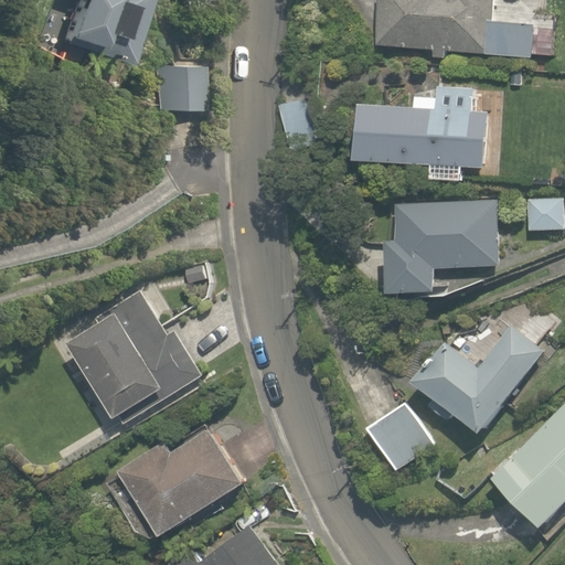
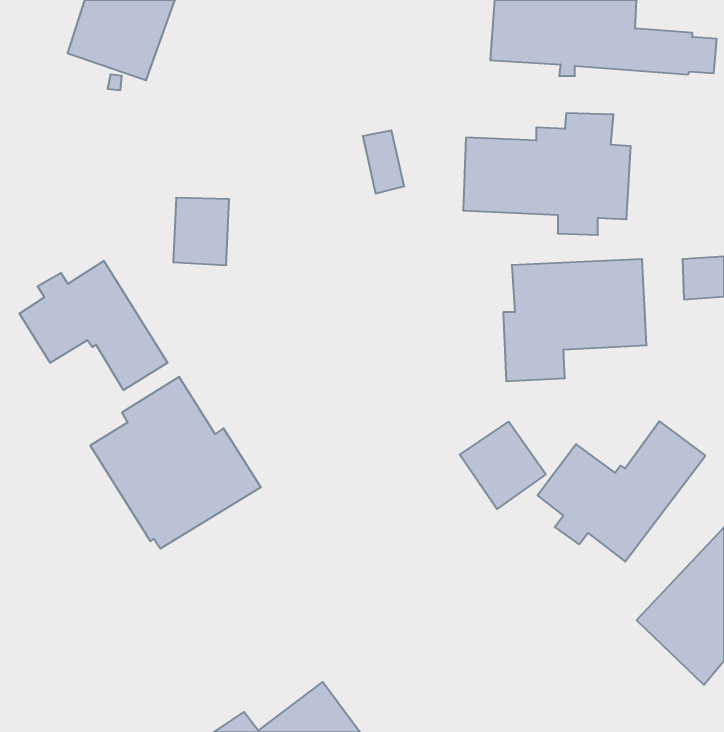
building: [152,61,195,113] -> [173,198,229,265]
building: none -> [19,261,168,390]
building: [365,403,431,470] -> [460,422,546,509]
building: [107,428,246,536] -> none

